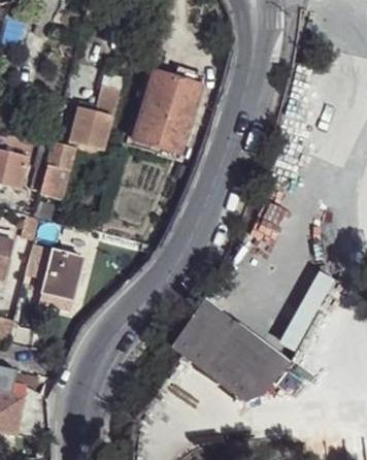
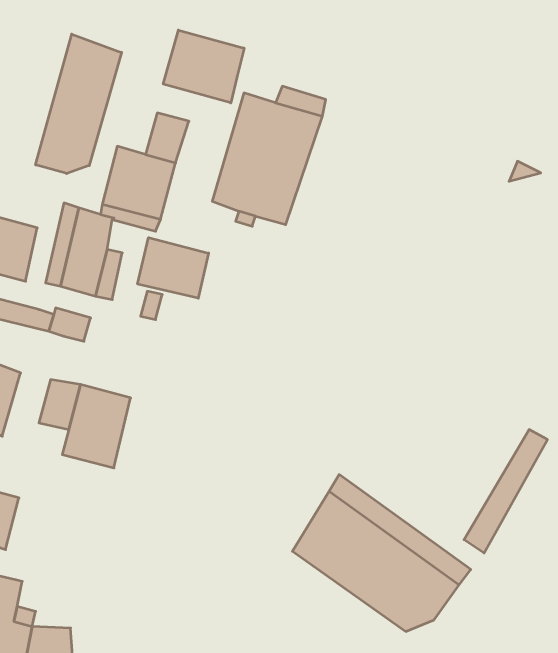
building: none -> [163,30,244,103]
building: none -> [36,34,122,174]
building: none -> [138,238,209,298]

